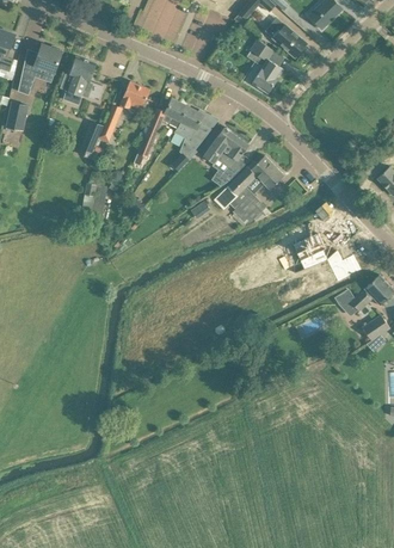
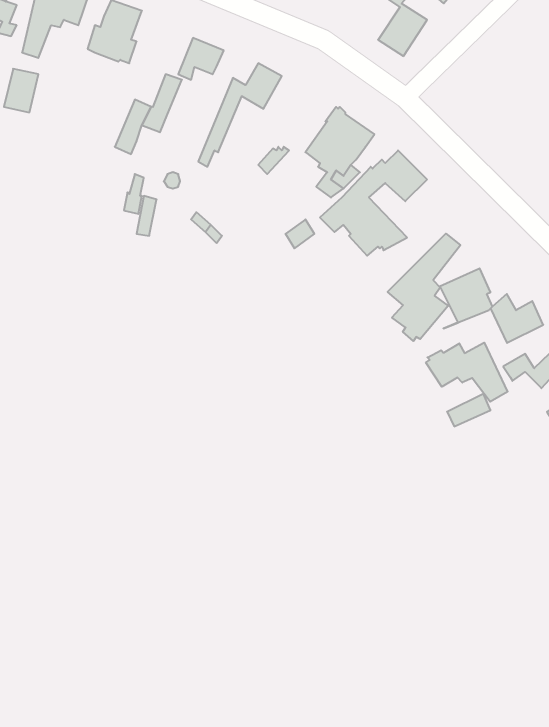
building: [174,106,210,149] -> none
building: none -> [388,234,460,341]
building: none -> [426,343,508,402]

